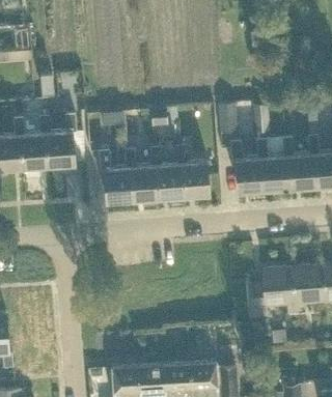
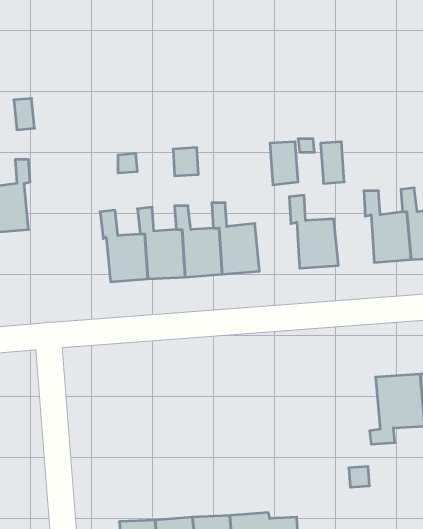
building: [46,114,76,165] -> none
building: [257,135,289,190] -> none
building: [250,267,294,317] -> none

